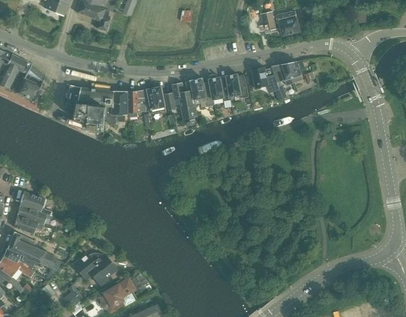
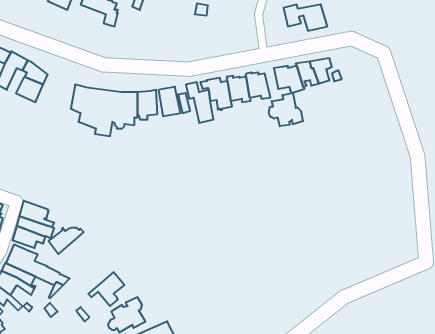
building: none -> [269,93,303,126]
building: [73,252,106,276] -> [49,228,84,254]

